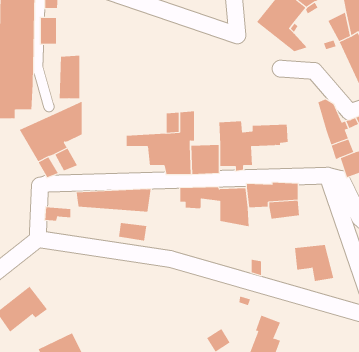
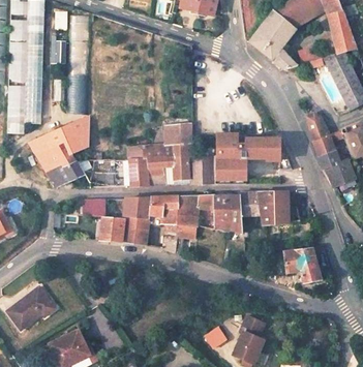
building: none -> [128,157,165,184]
building: none -> [149,195,198,253]
building: none -> [99,217,124,241]

